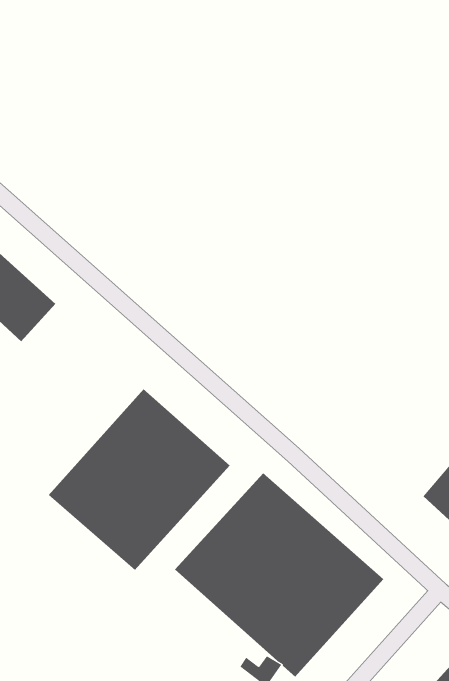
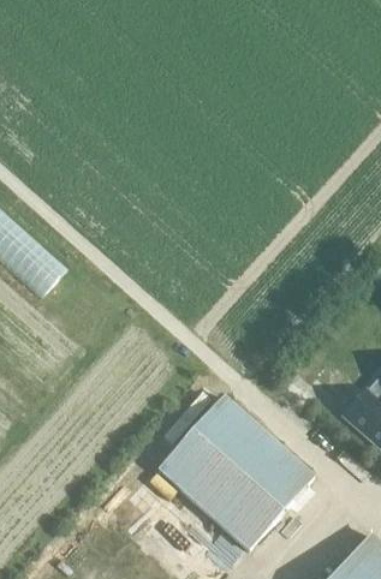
building: [48,388,230,571] -> none

